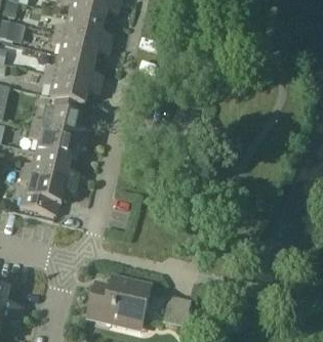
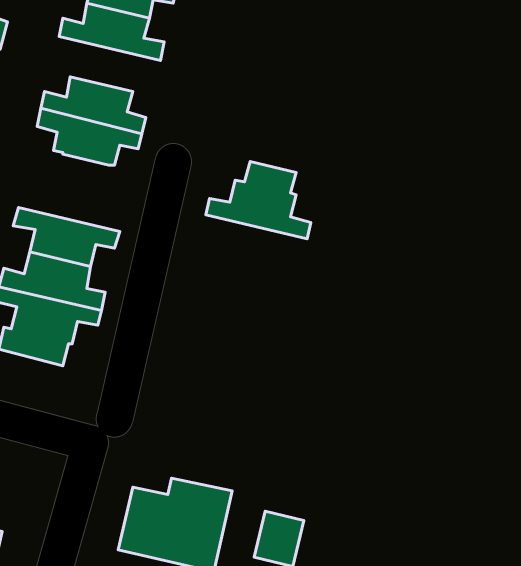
building: [51,30,110,60] -> none
building: [31,95,89,138] -> [206,162,311,239]

